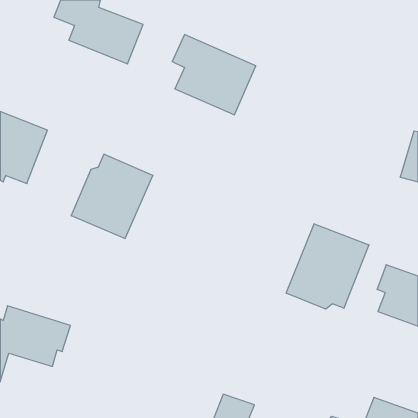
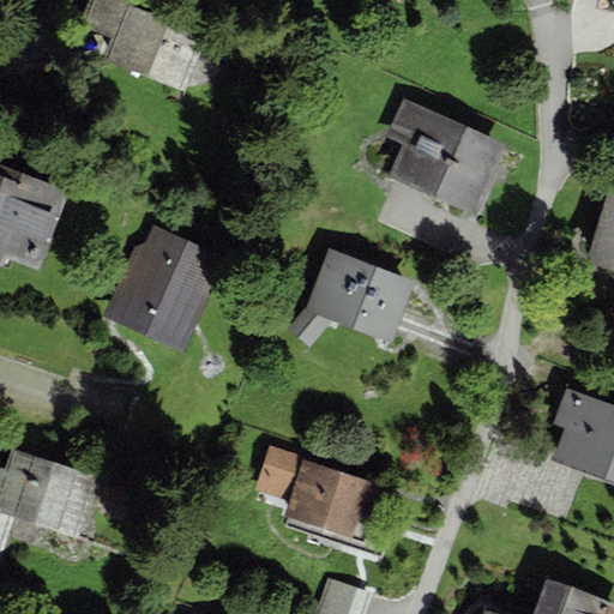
building: [172,35,256,115] -> [385,97,507,215]
building: none -> [288,251,414,348]
building: [286,224,369,309] -> none
building: none -> [254,446,387,544]

